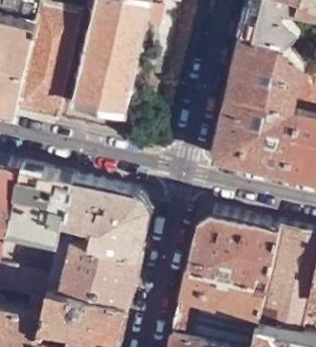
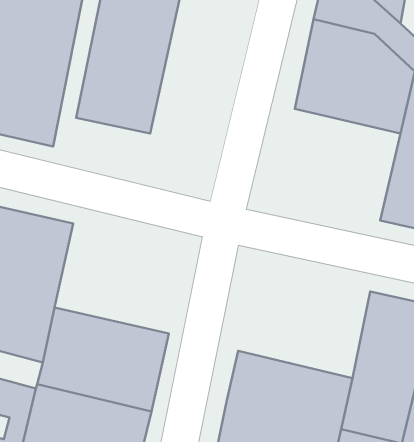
building: [214,103,299,181] -> none
building: [59,183,148,259] -> none
building: [187,214,278,290] -> none

